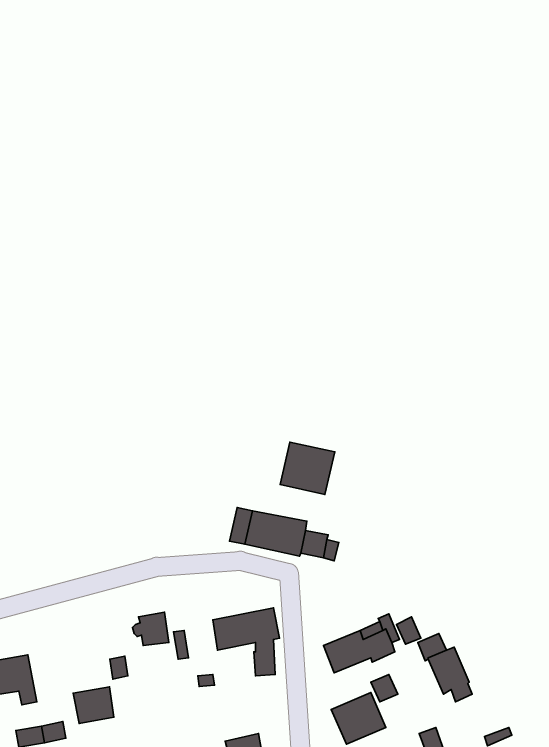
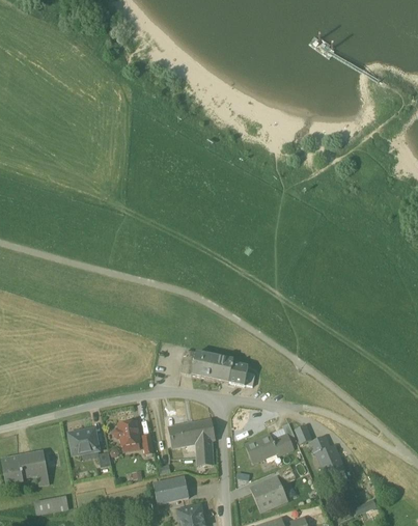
building: [280,442,335,494] -> none
building: [73,687,114,723] -> [69,428,97,453]
building: none -> [154,476,189,503]

